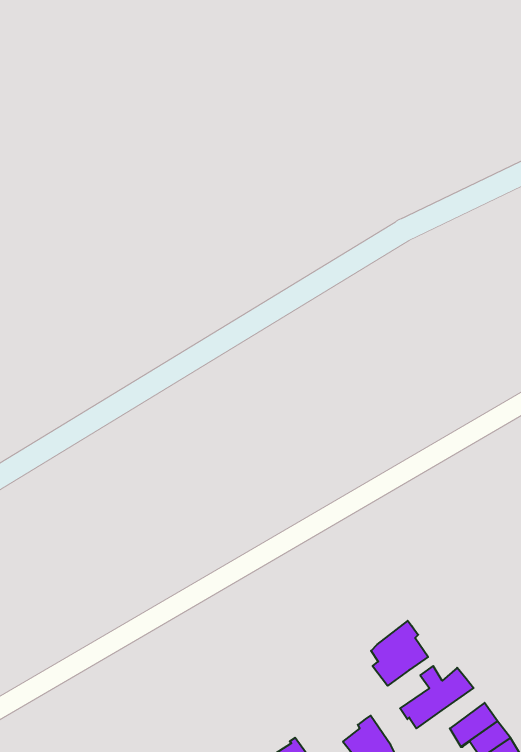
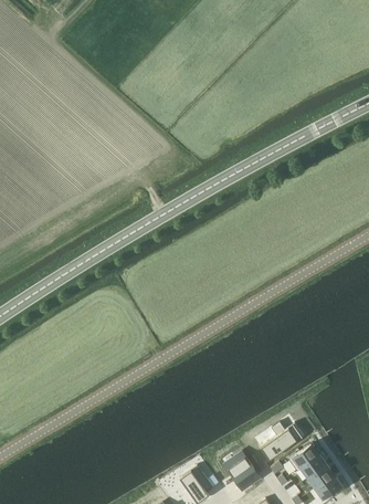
building: [371,621,428,686] -> none

